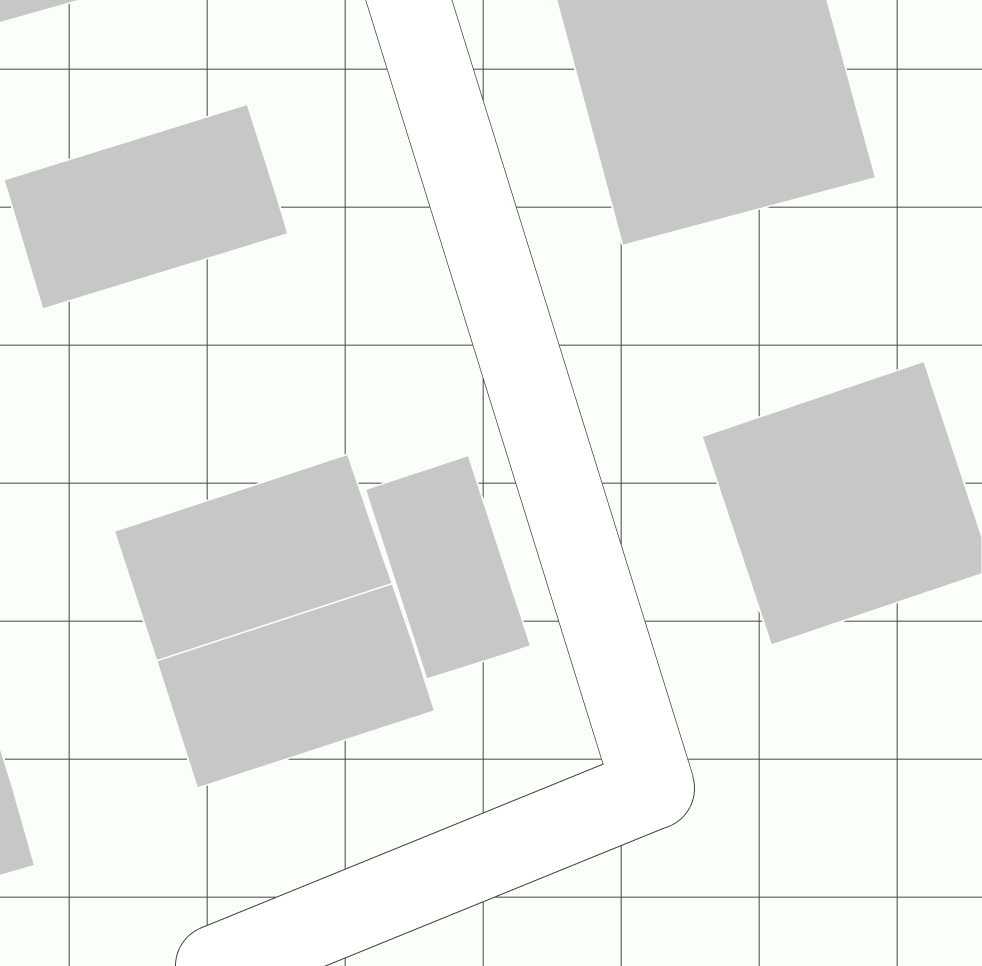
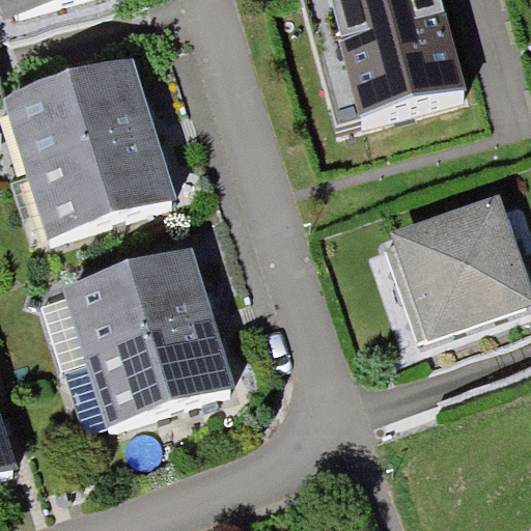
building: none -> [23,125,175,236]
building: [365,455,531,679] -> none

